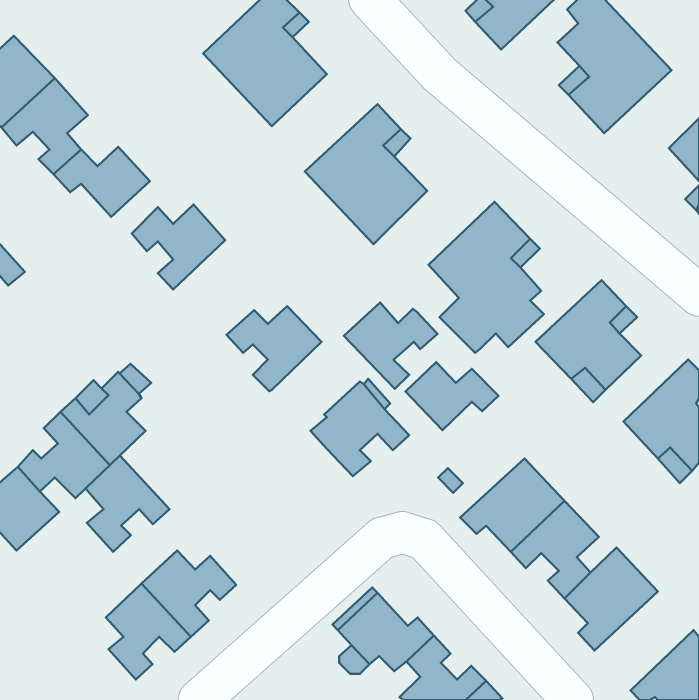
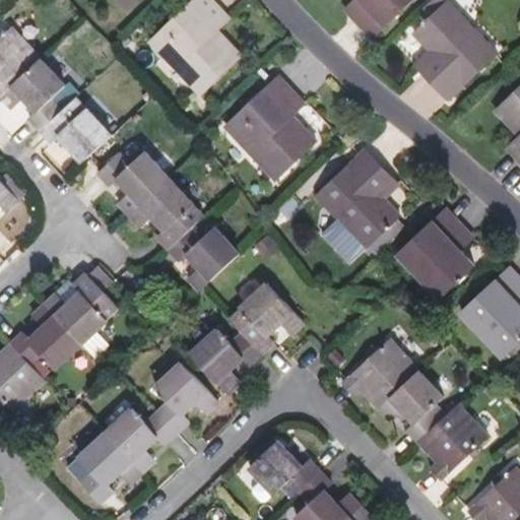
building: none -> [128,178,202,248]
building: [344,303,438,389] -> none
building: [405,362,498,430] -> none
building: none -> [190,328,261,392]
building: [86,456,169,552] -> [154,362,216,433]

